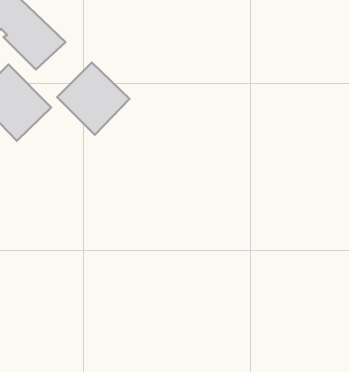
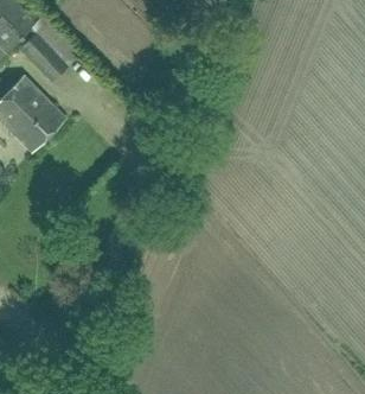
building: [57,63,130,135] -> none

